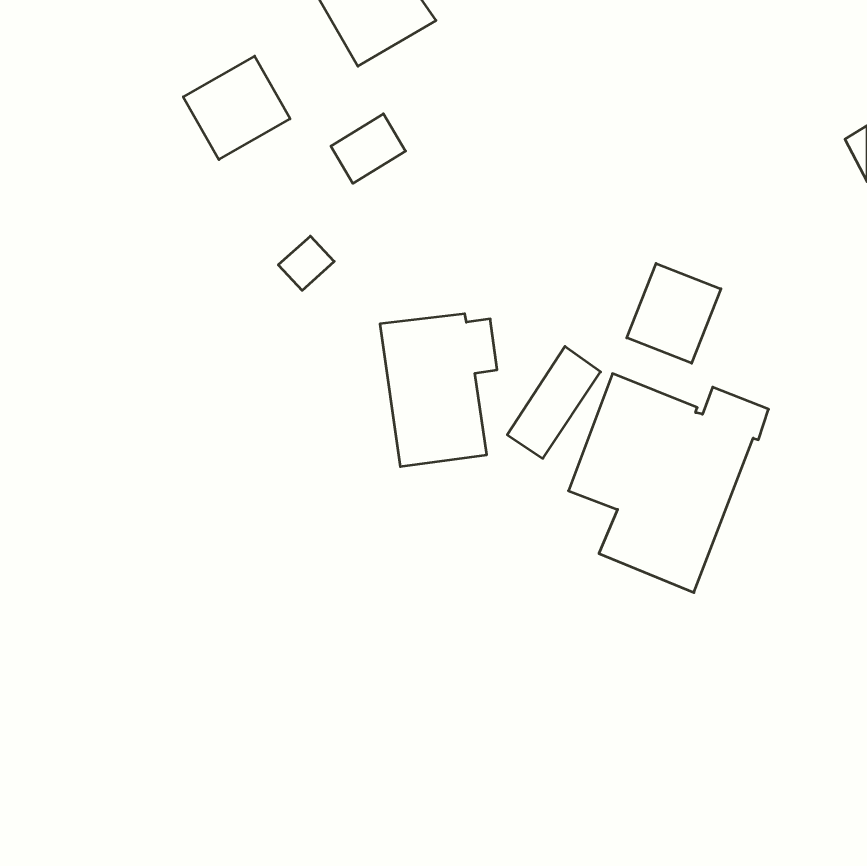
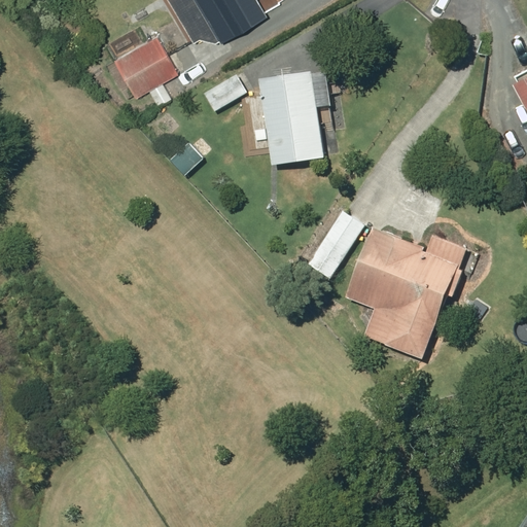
building: [627,263,721,363] -> none
building: [380,314,497,467] -> [258,72,329,165]

